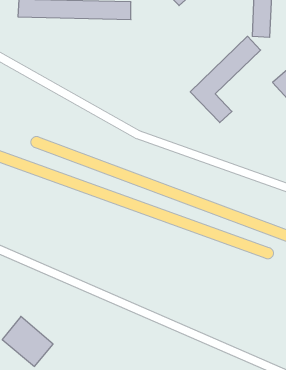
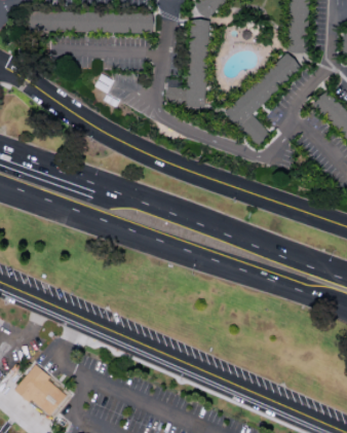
building: none -> [167,19,208,105]

